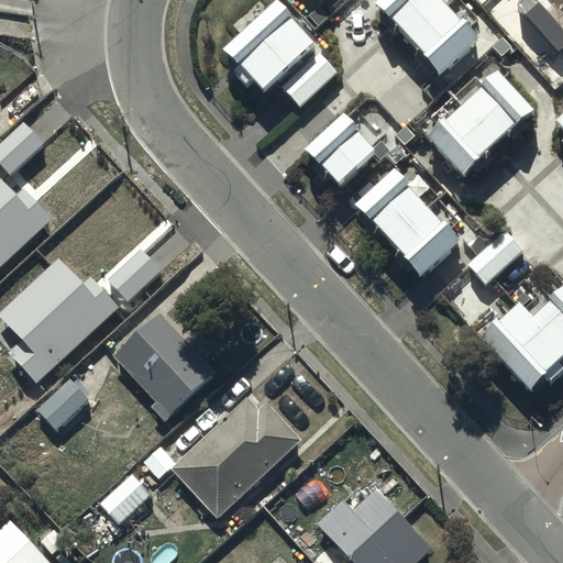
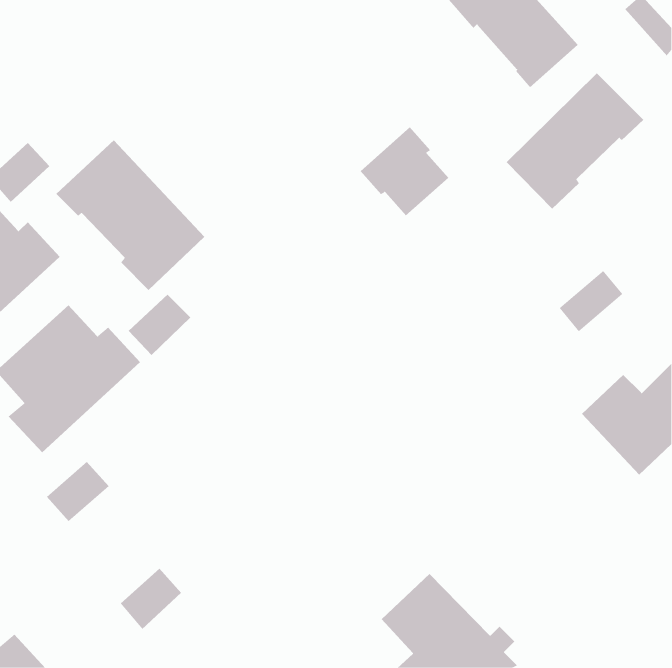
building: [227,10,338,108] -> none
building: none -> [56,140,205,291]
building: [354,167,462,277] -> none
building: [115,314,214,415] -> none
building: [173,406,301,525] -> none

